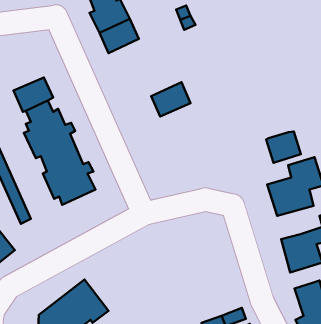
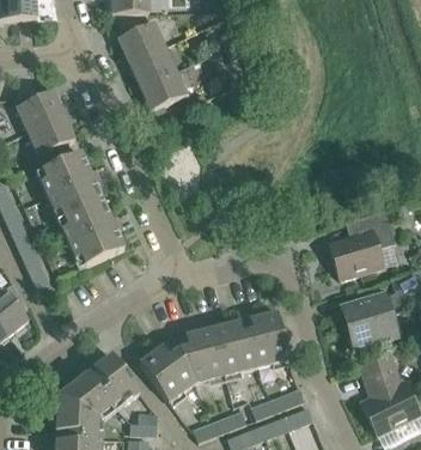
building: none -> [17,91,63,132]
building: [151,82,190,116] -> [140,71,187,111]
building: [266,132,301,163] -> none
building: none -> [139,309,289,402]

